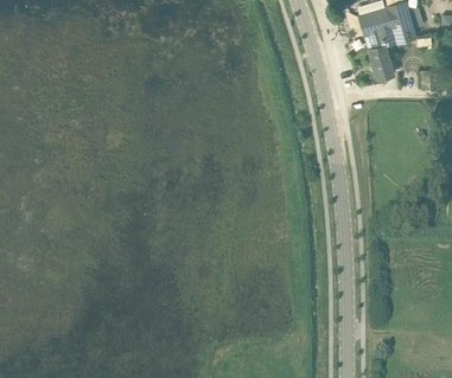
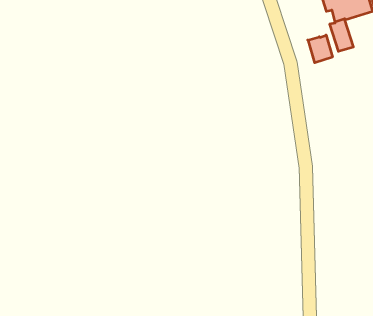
building: none -> [308,35,332,63]

